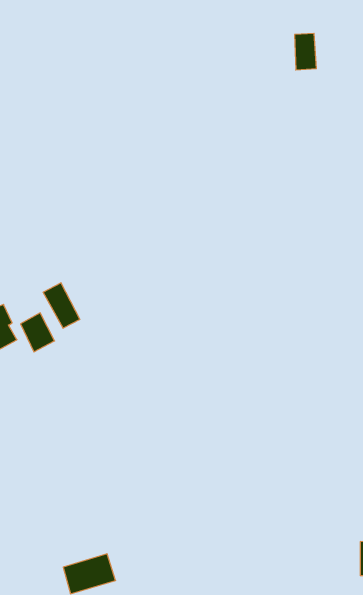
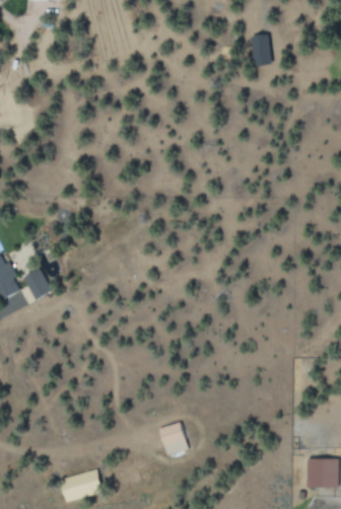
building: [43,283,80,328] -> none
building: none -> [157,422,188,454]

